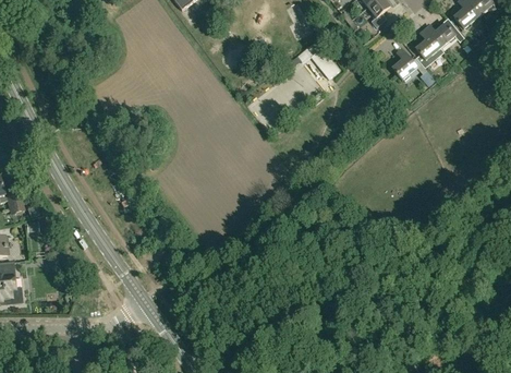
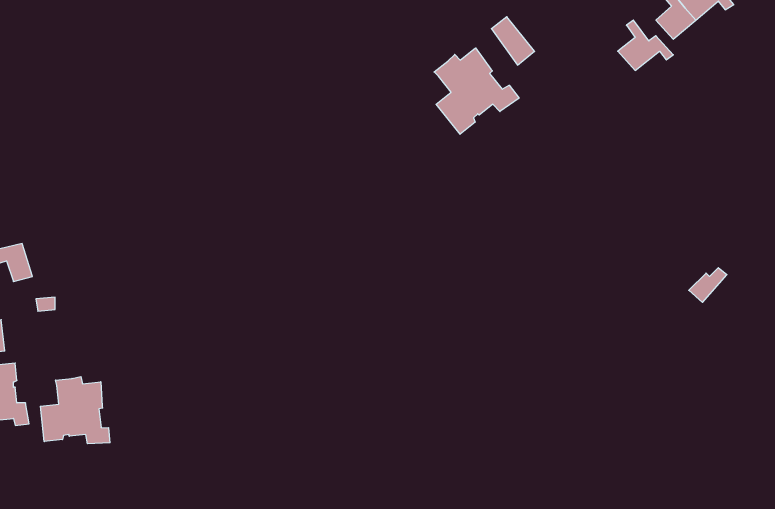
building: none -> [434,48,519,134]
building: none -> [40,377,110,444]

